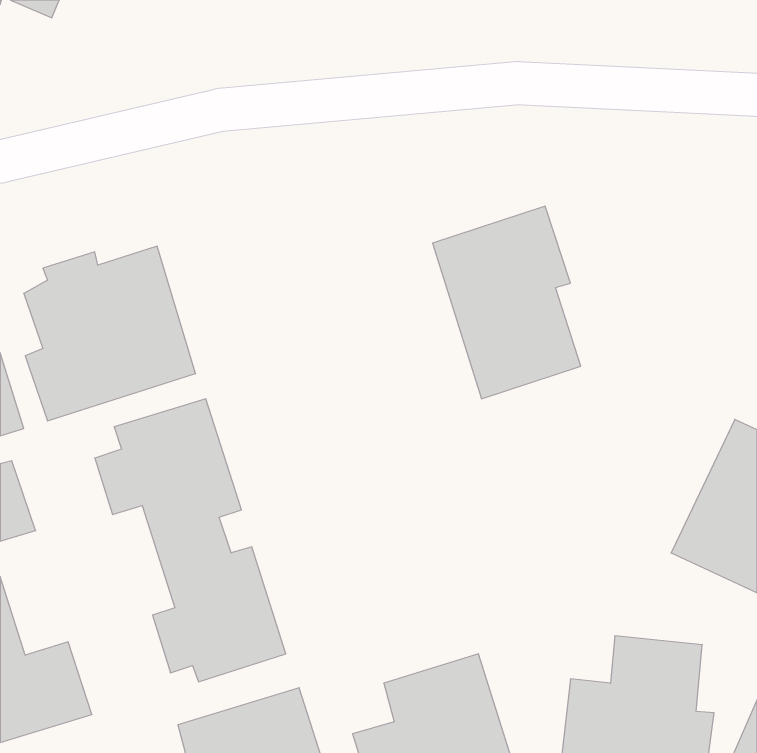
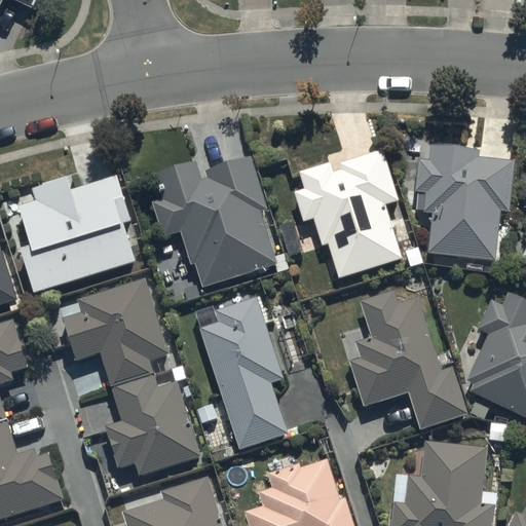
building: none -> [422,140,505,261]
building: none -> [151,154,278,288]
building: none -> [347,292,468,430]
building: none -> [199,299,286,449]

